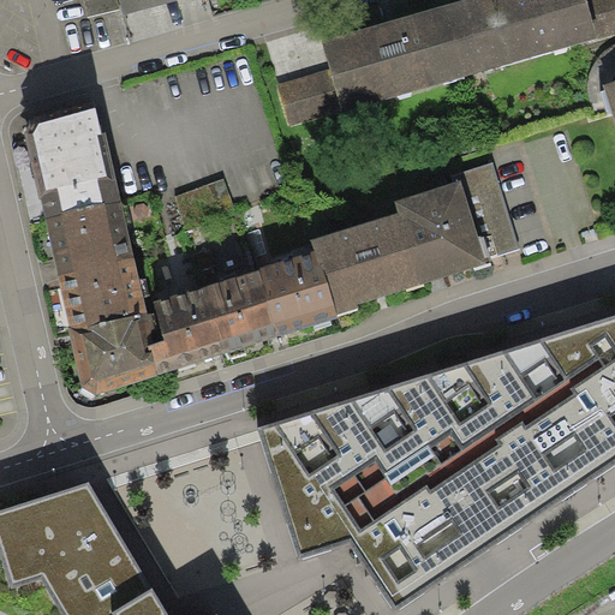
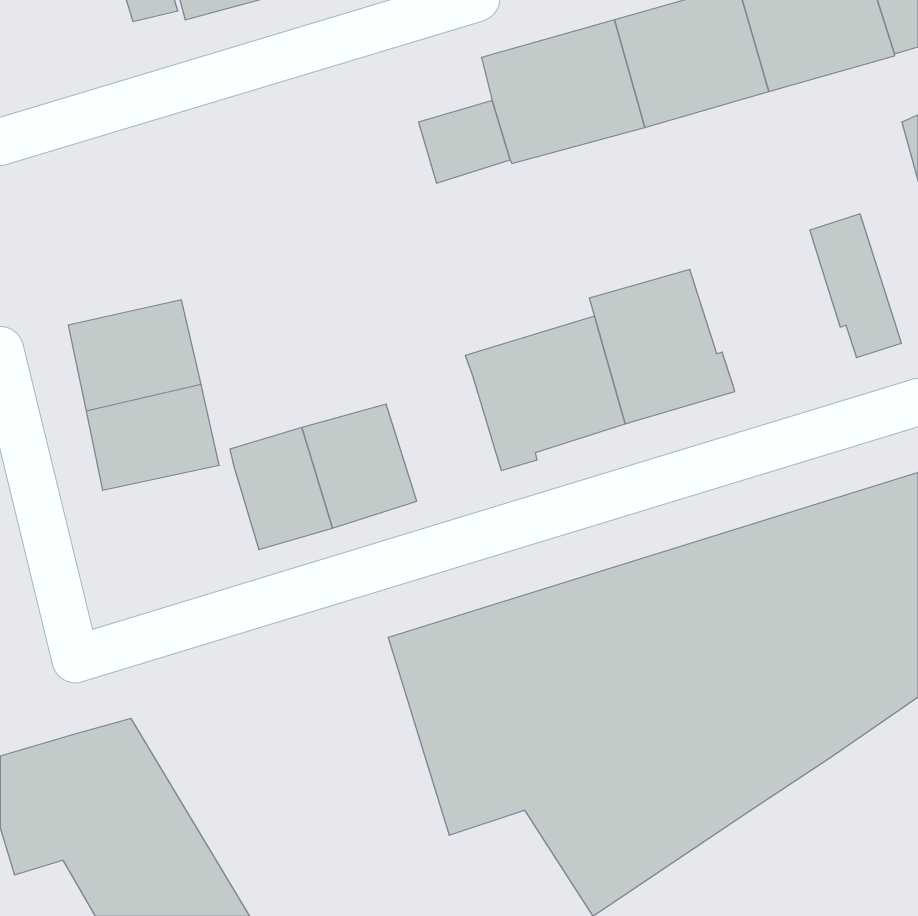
building: [25,106,121,217] -> none
building: [459,161,520,257] -> [810,214,901,358]
building: [258,251,336,335] -> none
building: [68,311,173,393] -> none

